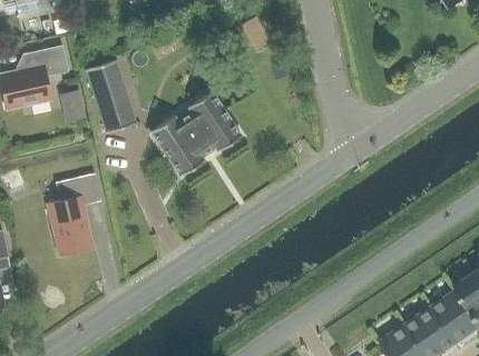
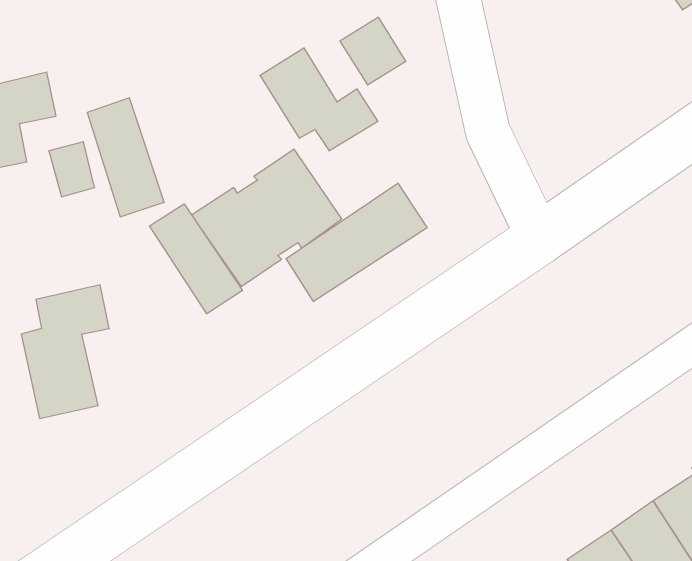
building: none -> [260,48,378,151]
building: none -> [286,183,427,302]
building: none -> [149,204,242,314]

